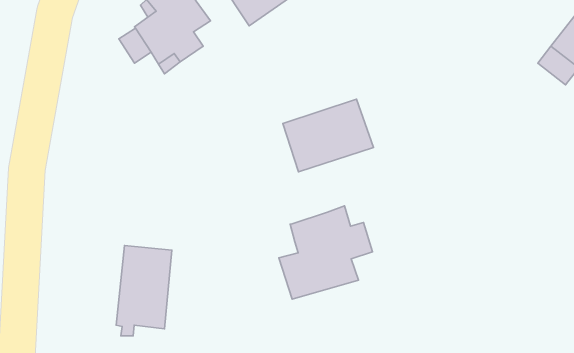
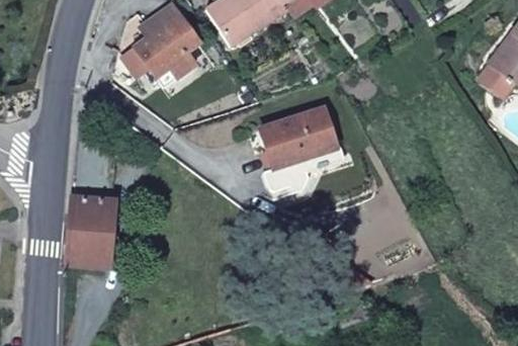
building: [279,206,373,299] -> none
building: [116,245,172,336] -> [67,195,113,271]

